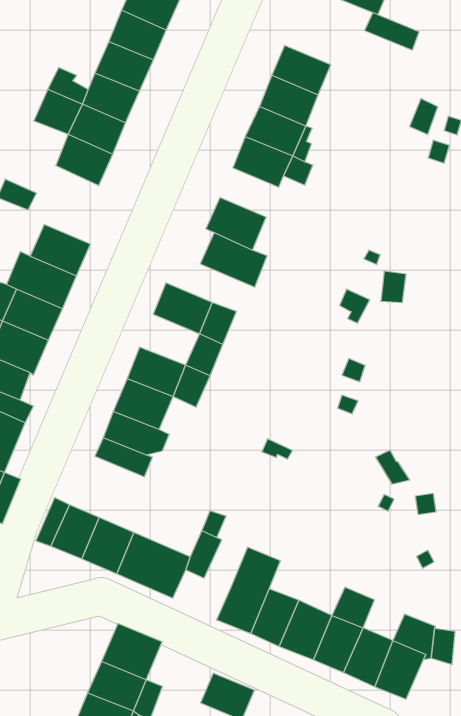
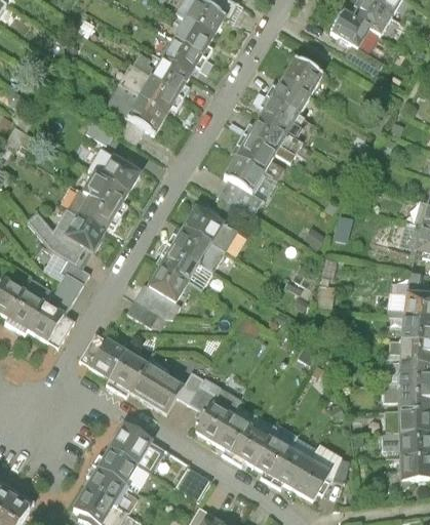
building: none -> [108,83,141,115]
building: none -> [235,133,275,169]
building: none -> [167,223,208,259]
building: none -> [188,376,220,411]

